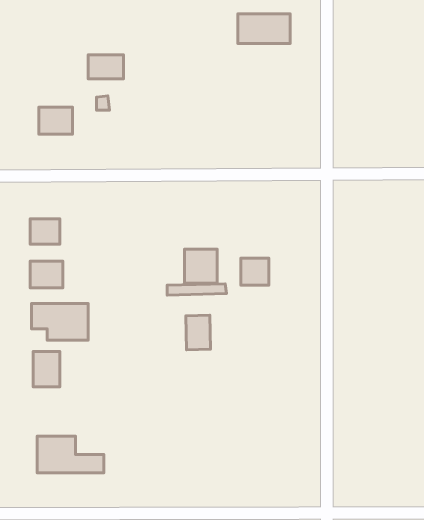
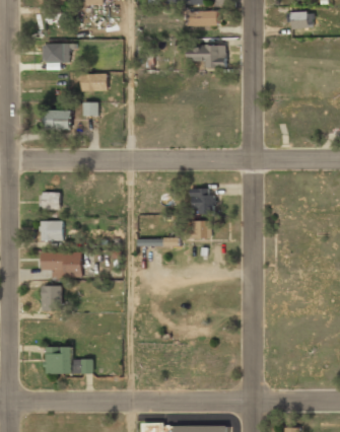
building: none -> [42,44,70,63]
building: [185,249,217,283] -> [190,188,213,212]
building: [186,315,210,350] -> none

